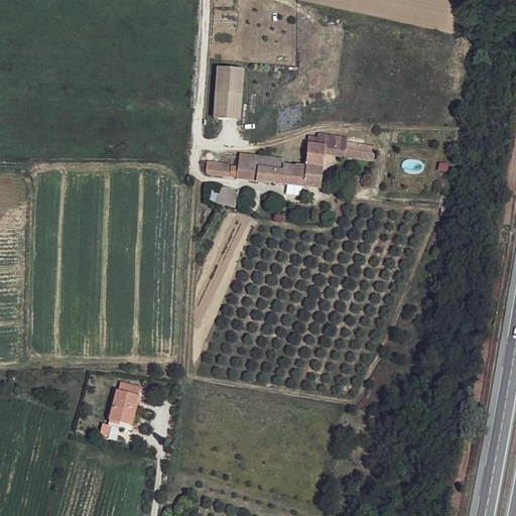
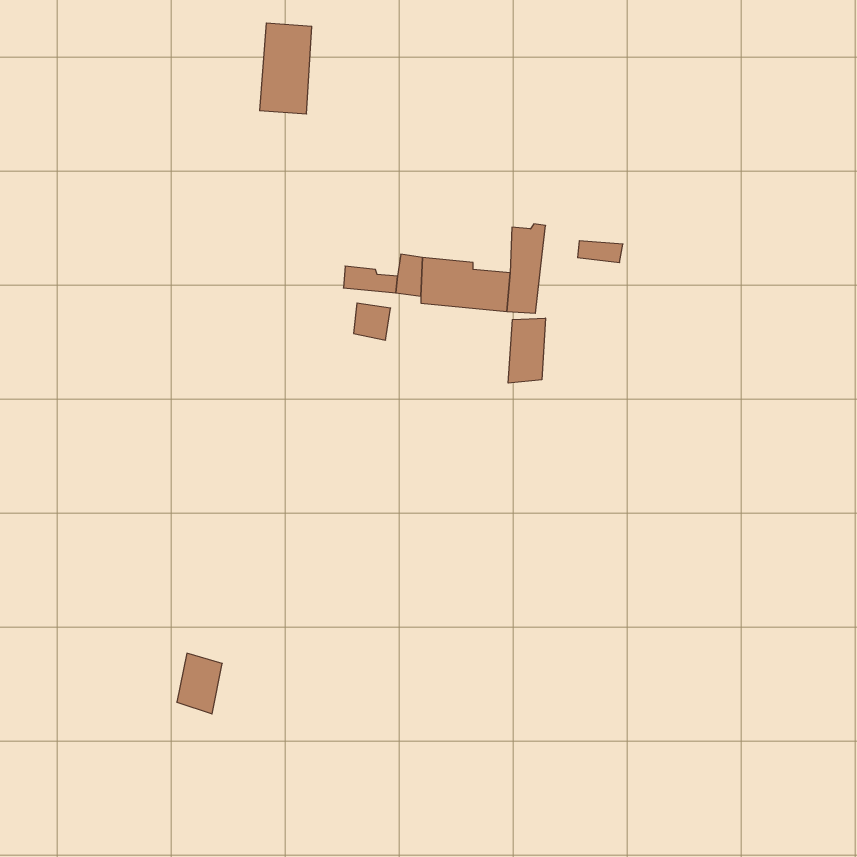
building: [213,63,244,118] -> [260,23,312,114]
building: [327,135,349,154] -> none
building: none -> [508,318,545,383]

